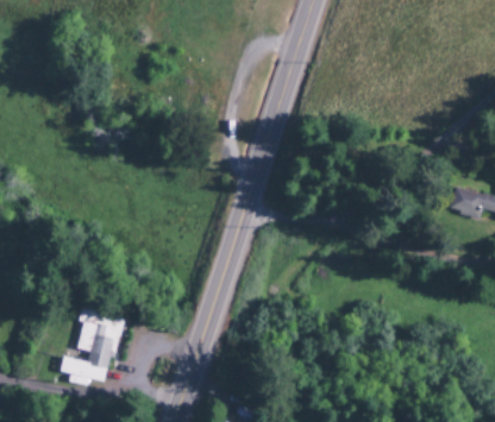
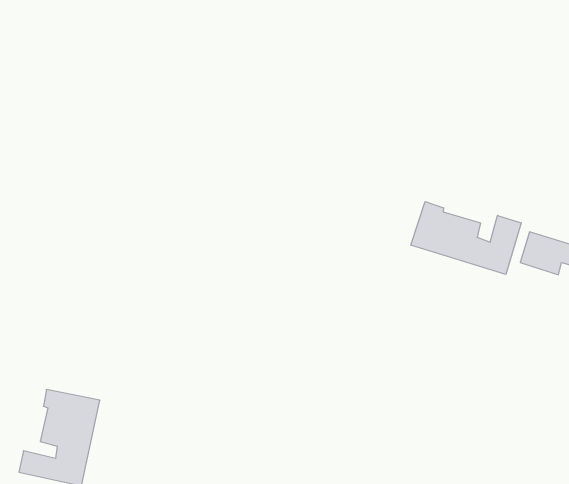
building: none -> [411,202,521,274]

